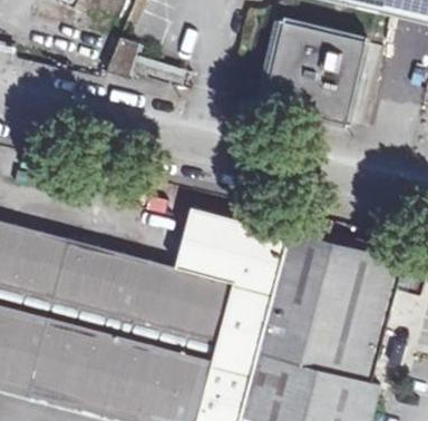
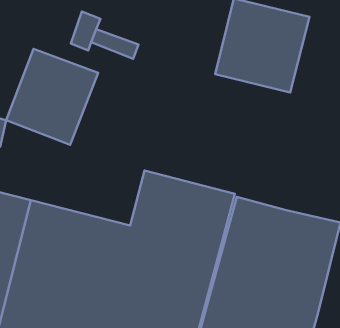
building: none -> [6,49,98,145]

